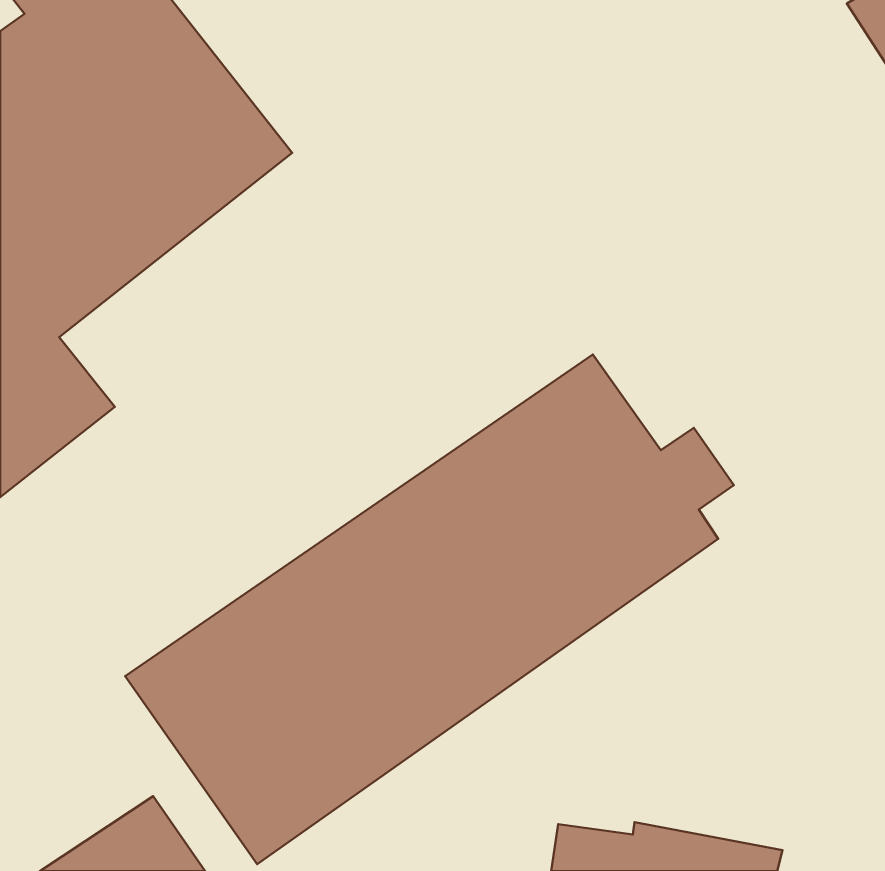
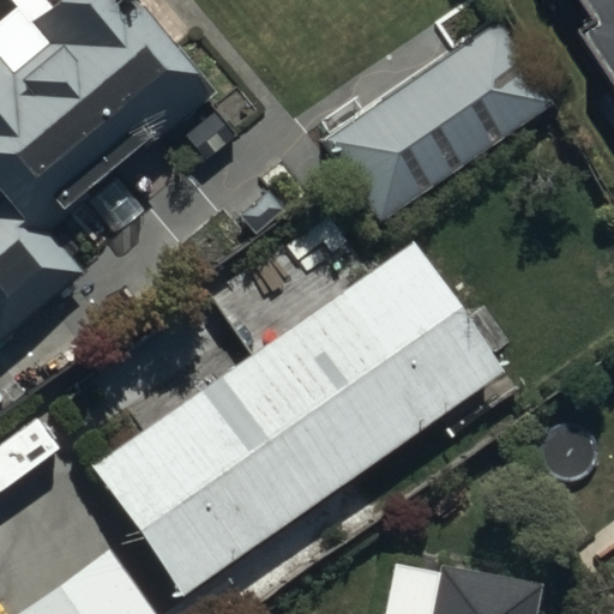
building: none -> [325,18,554,222]

